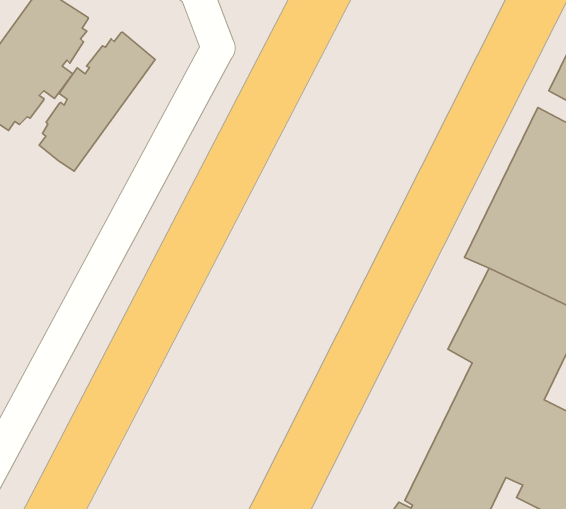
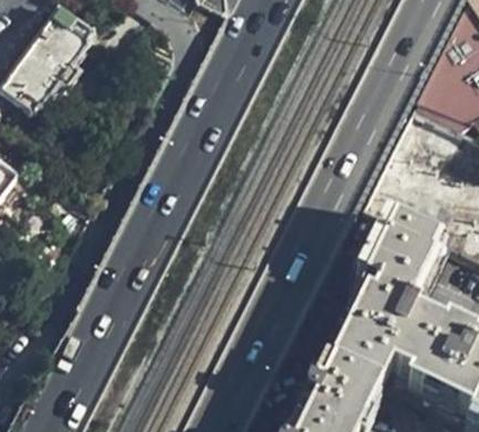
building: [39,32,155,171] -> none

